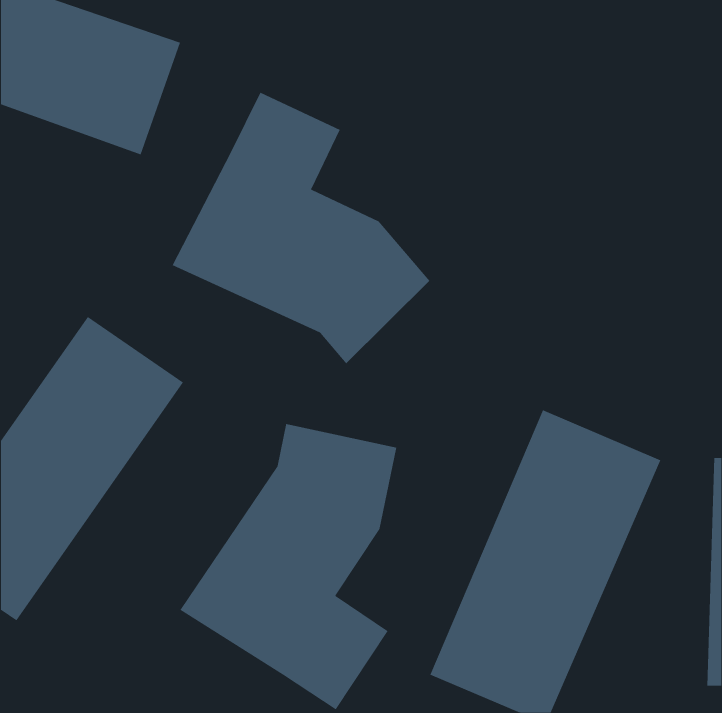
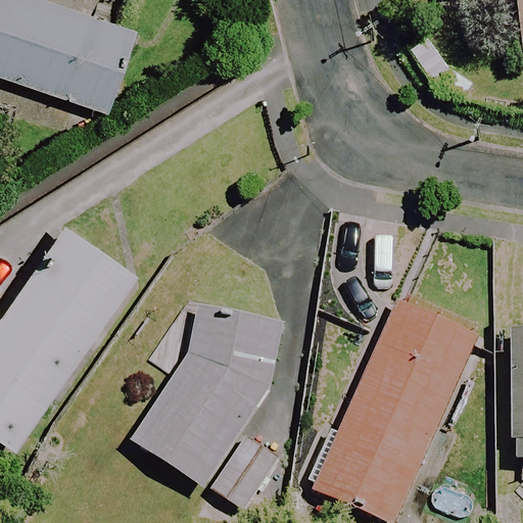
building: [172,92,430,364] -> none

